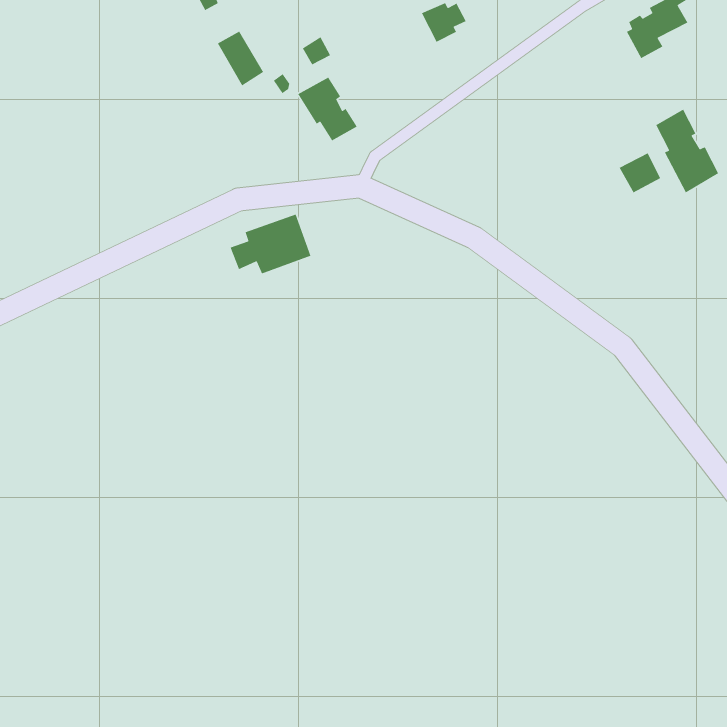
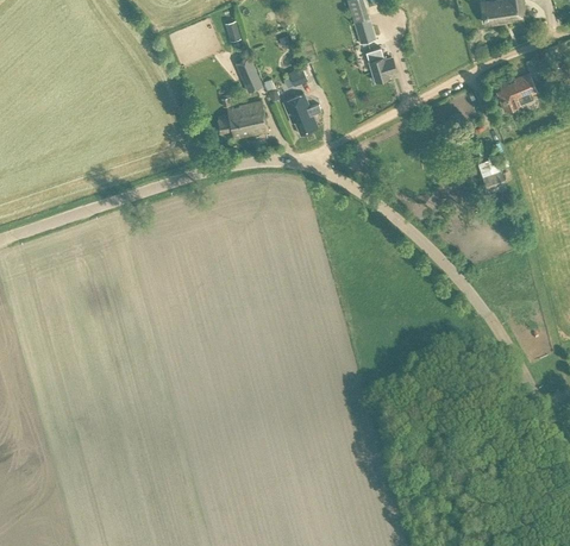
building: [655,108,719,193] -> none
building: [230,213,311,274] -> [217,101,268,137]

